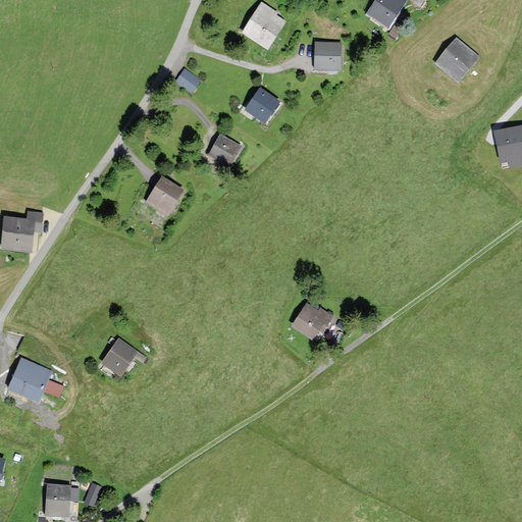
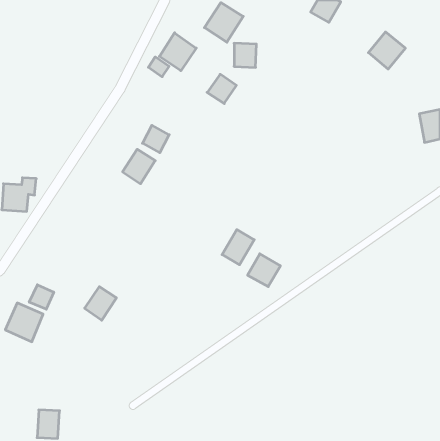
building: none -> [159,33,196,71]
building: [314,42,341,70] -> [234,43,256,67]
building: [208,134,240,166] -> [142,125,169,153]
building: none -> [222,230,254,265]
building: none -> [29,285,54,309]

